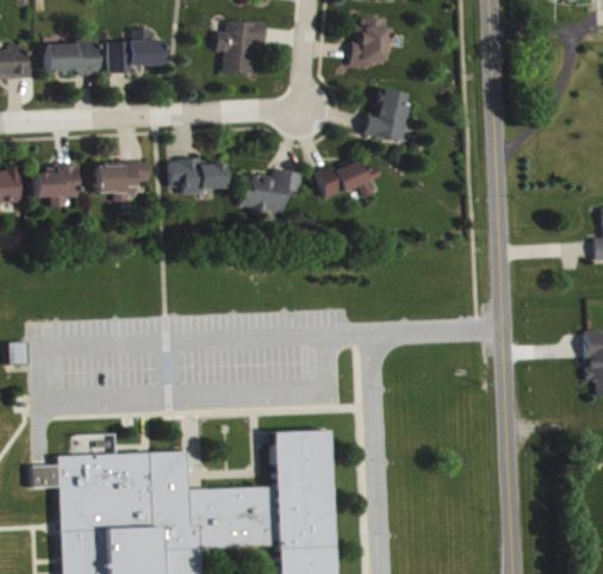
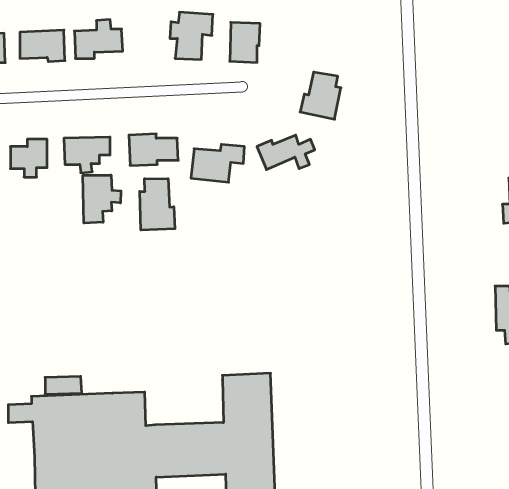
building: [356,17,391,62] -> [230,22,260,62]
building: none -> [83,175,121,223]
building: none -> [140,179,175,230]

